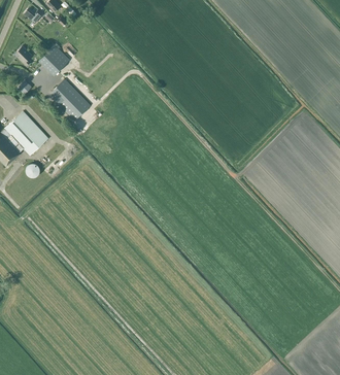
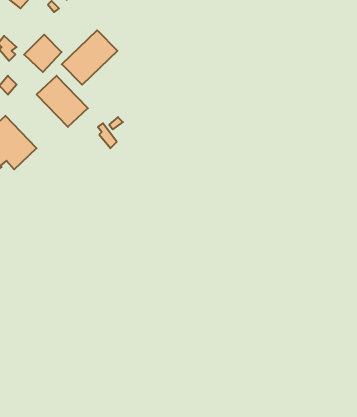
building: none -> [62,30,117,85]

